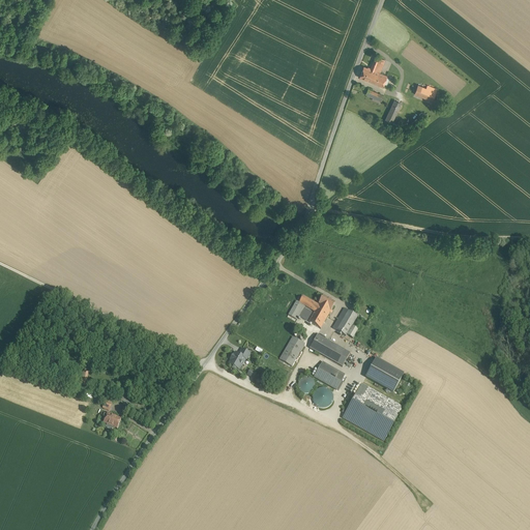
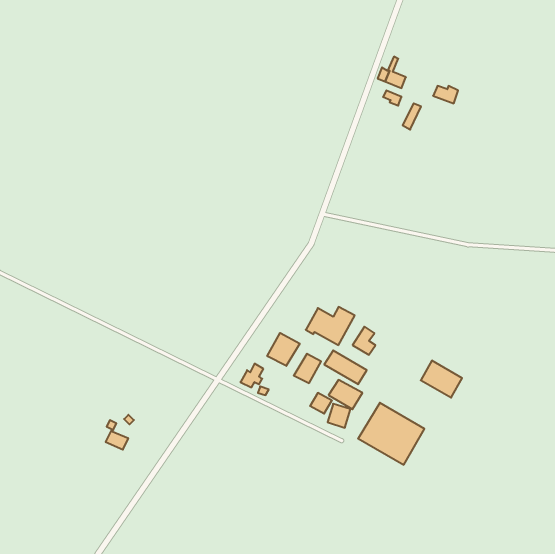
building: none -> [267,333,300,366]
building: [364,357,404,392] -> [421,361,462,398]

